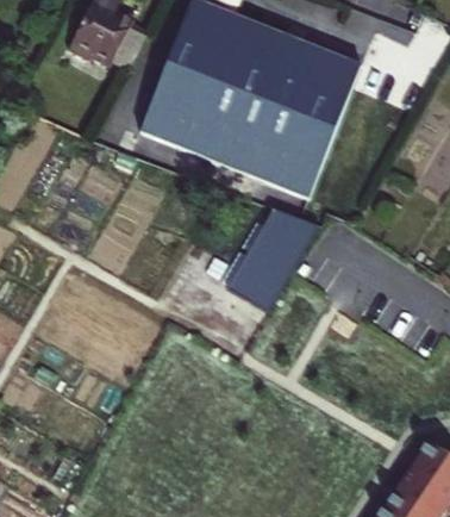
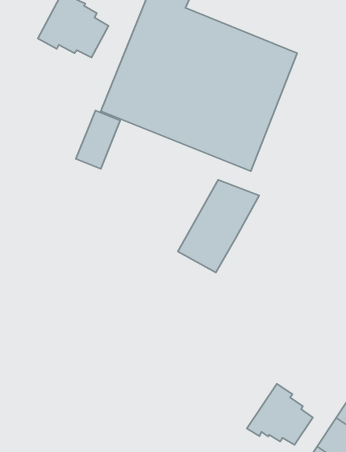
building: none -> [76,110,120,169]
building: none -> [247,384,313,445]

